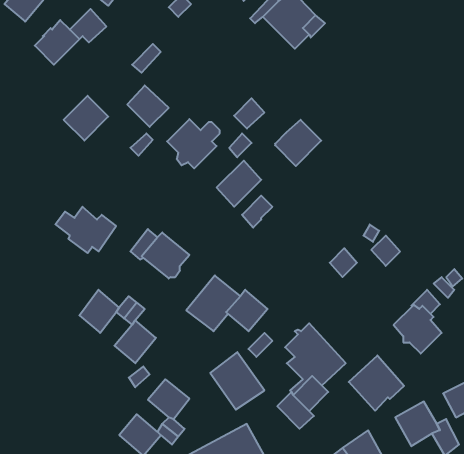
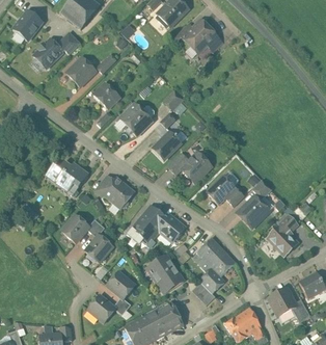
building: [64,96,108,141] -> [66,56,96,85]
building: [275,120,321,166] -> [181,152,211,182]
building: none -> [207,176,235,204]
building: none -> [237,195,269,228]
building: [349,355,404,411] -> none

